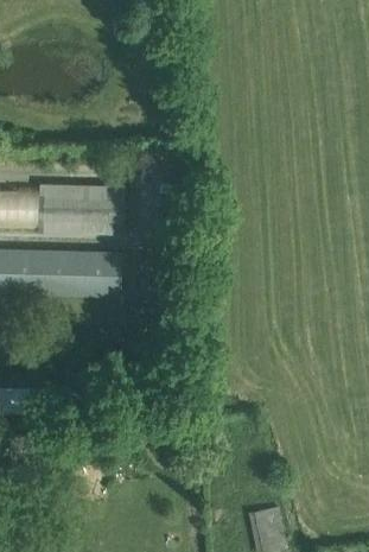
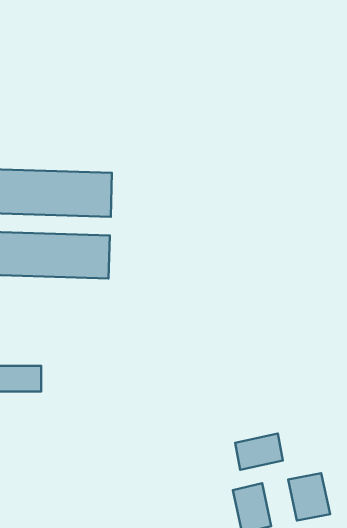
building: none -> [235,433,283,470]
building: none -> [288,473,330,521]

